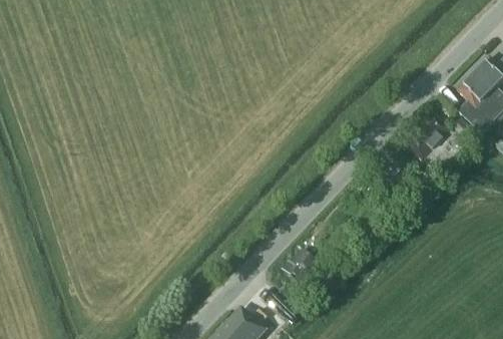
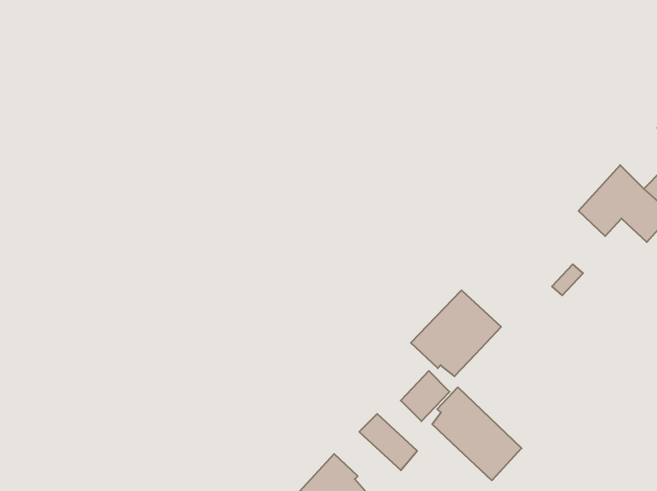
building: none -> [411,290,501,376]
building: none -> [432,387,522,480]

